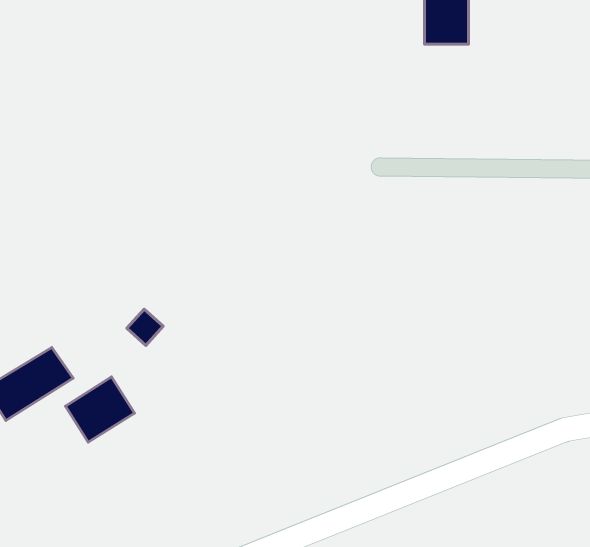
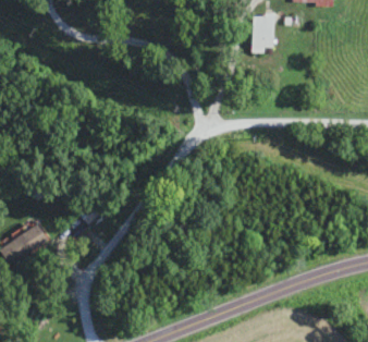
building: [65,377,134,442] -> none

